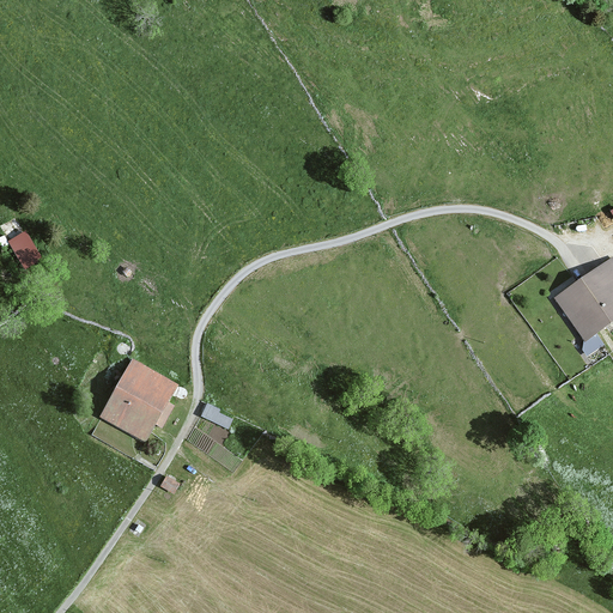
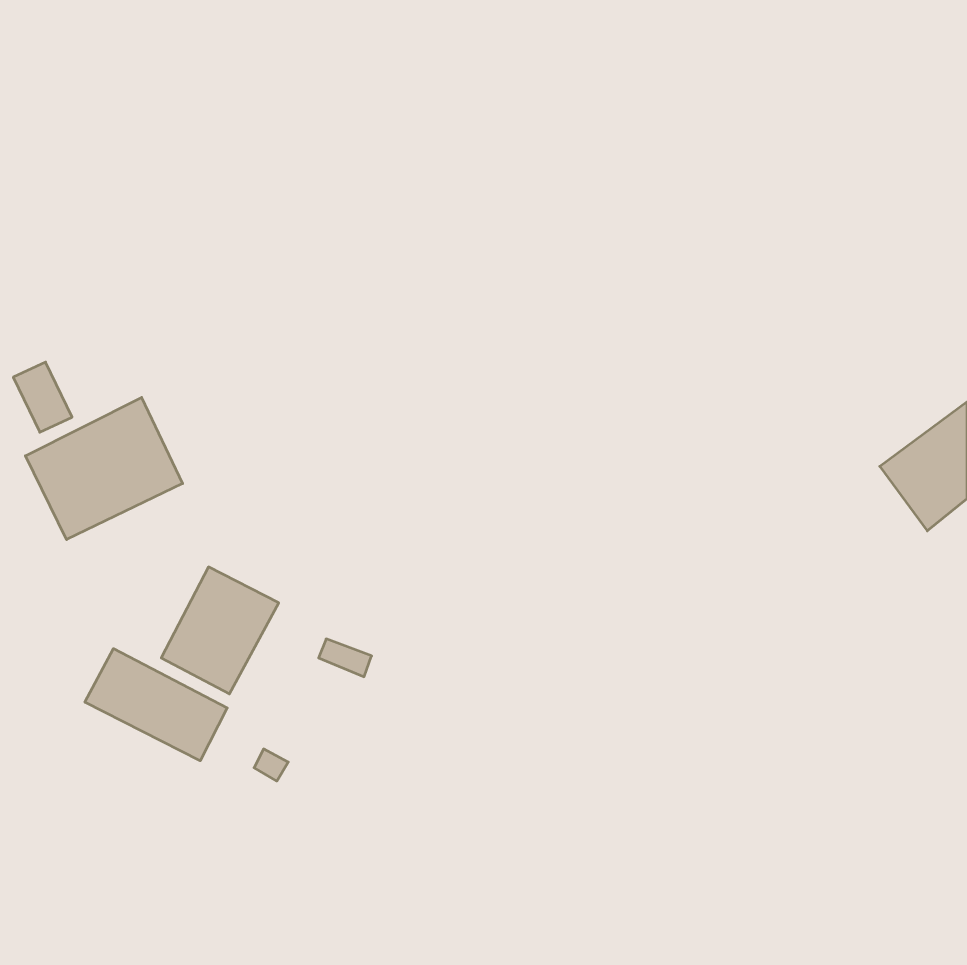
building: none -> [25,397,183,540]
building: none -> [85,649,227,761]

